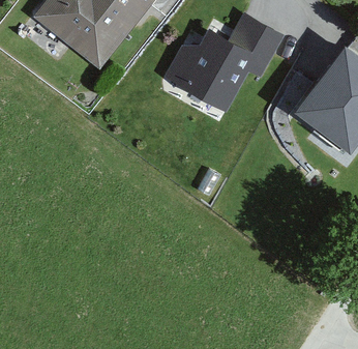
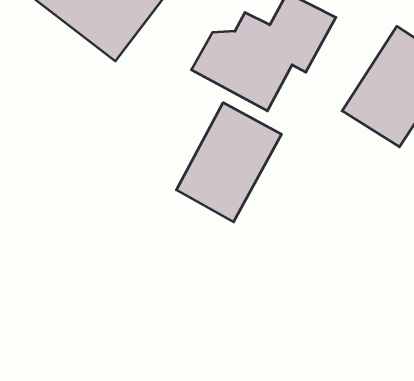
building: none -> [176,103,281,222]

